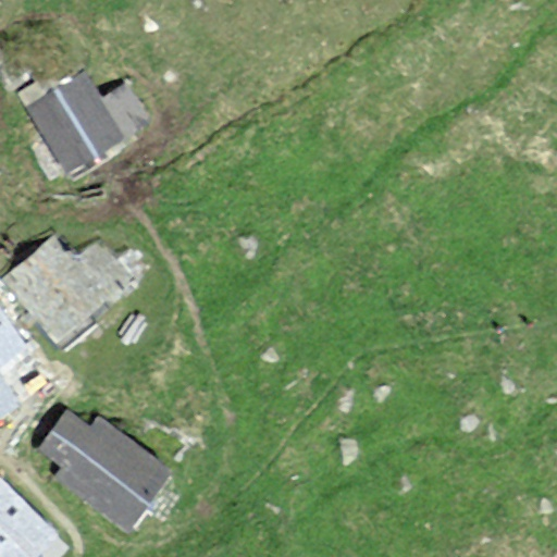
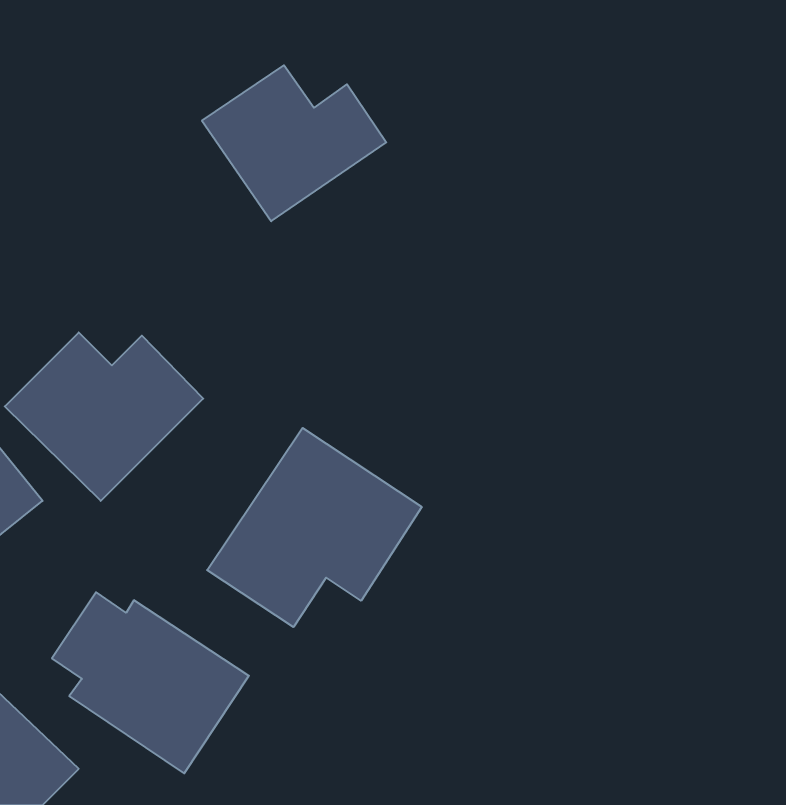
building: [23,71,150,178] -> [202,65,386,221]
building: none -> [207,428,422,627]

